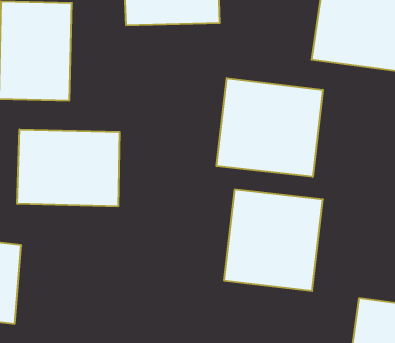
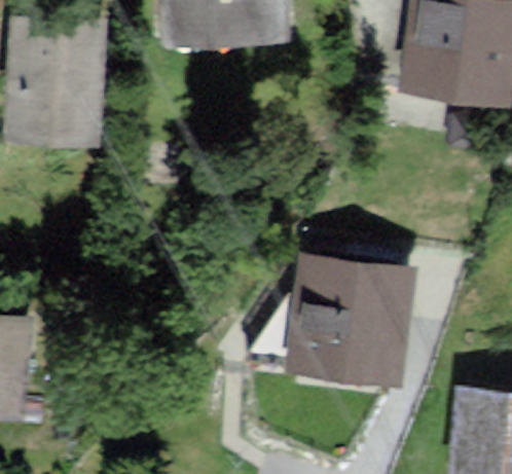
building: [216,78,323,177] -> none
building: [17,129,120,206] -> none

